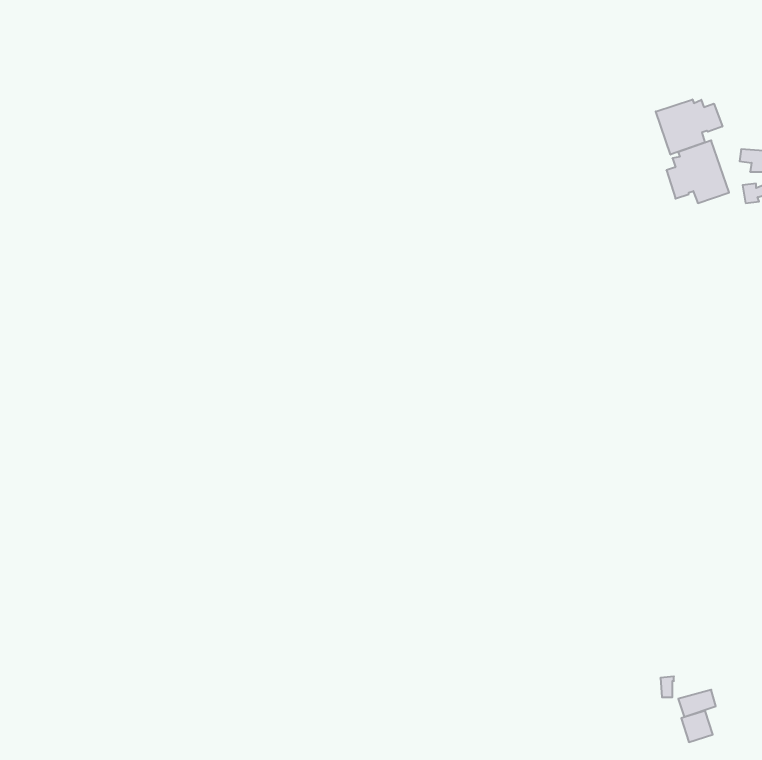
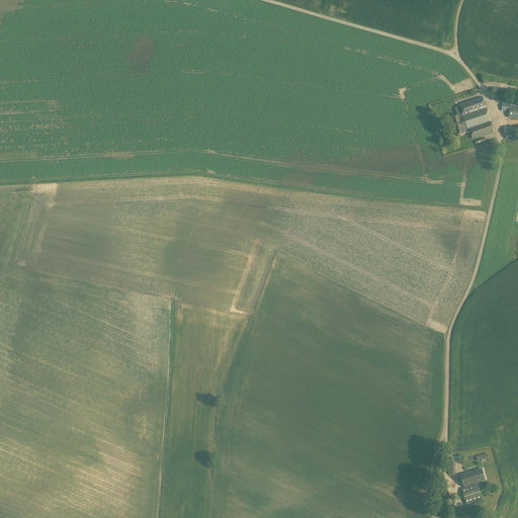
building: [656,99,722,155] -> none

